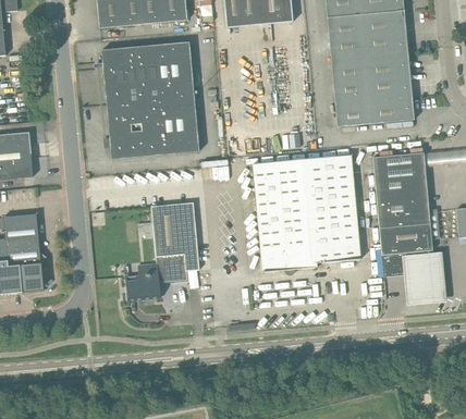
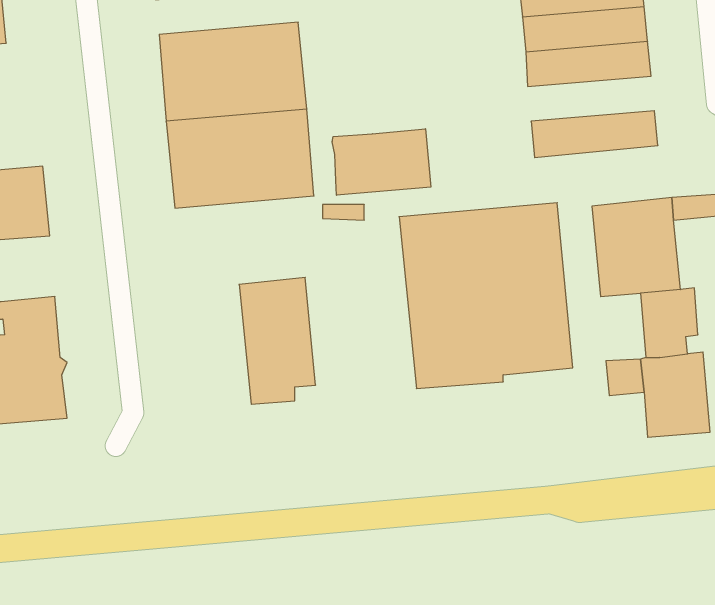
building: [332,75,412,103] -> none
building: none -> [332,129,431,195]
building: [378,211,406,254] -> none
building: [125,272,160,299] -> none

